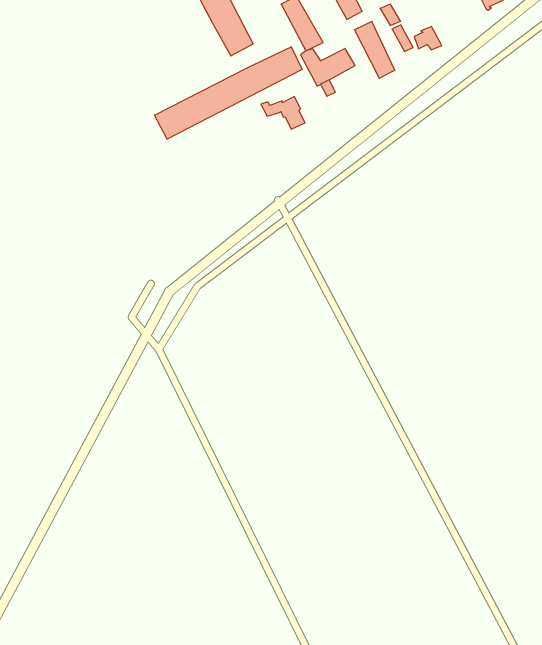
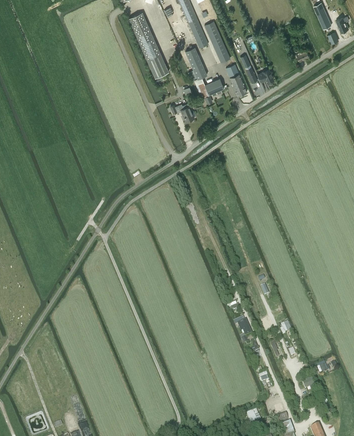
building: [155,47,302,139] -> none

